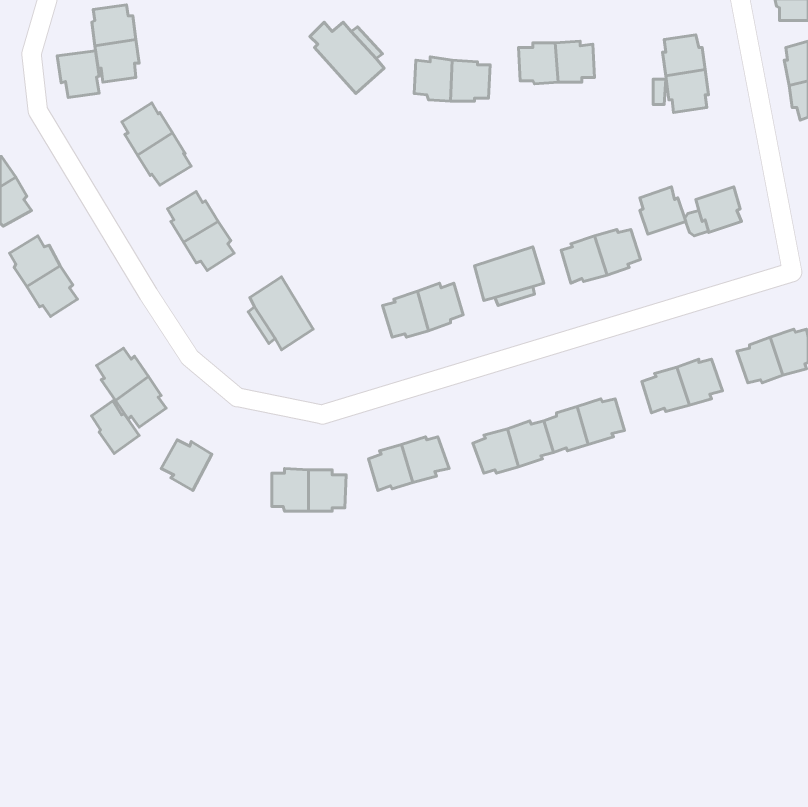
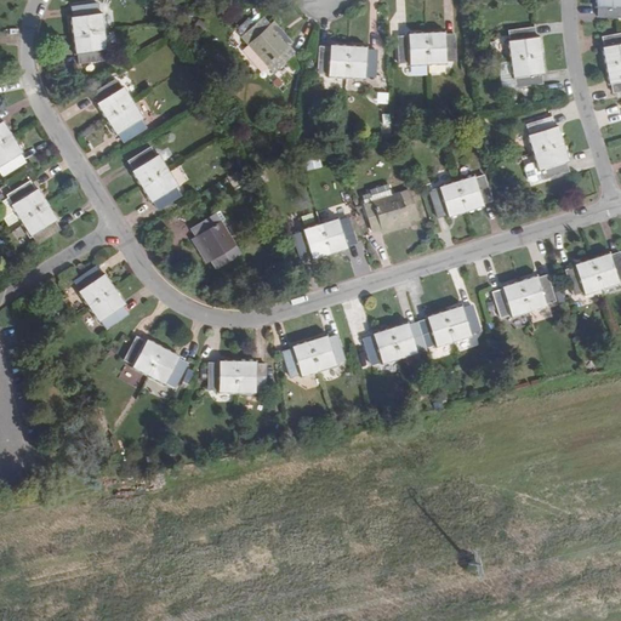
building: [57,51,99,98] -> none
building: [640,187,686,234] -> [528,116,563,153]
building: [92,401,139,454] -> none
building: none -> [148,348,186,384]

